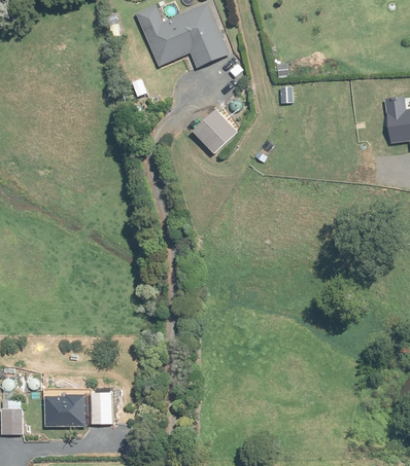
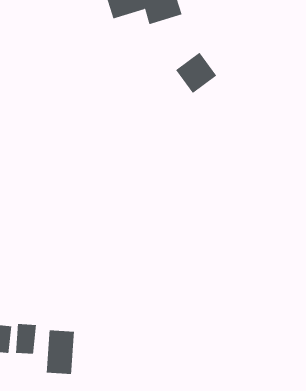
building: [192,109,236,153] -> [175,52,217,94]
building: none -> [46,329,75,375]

